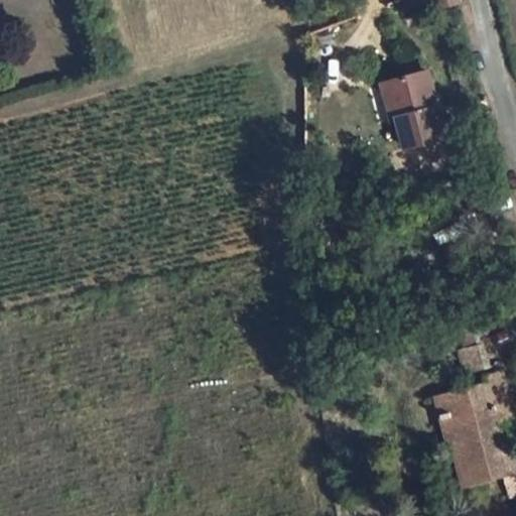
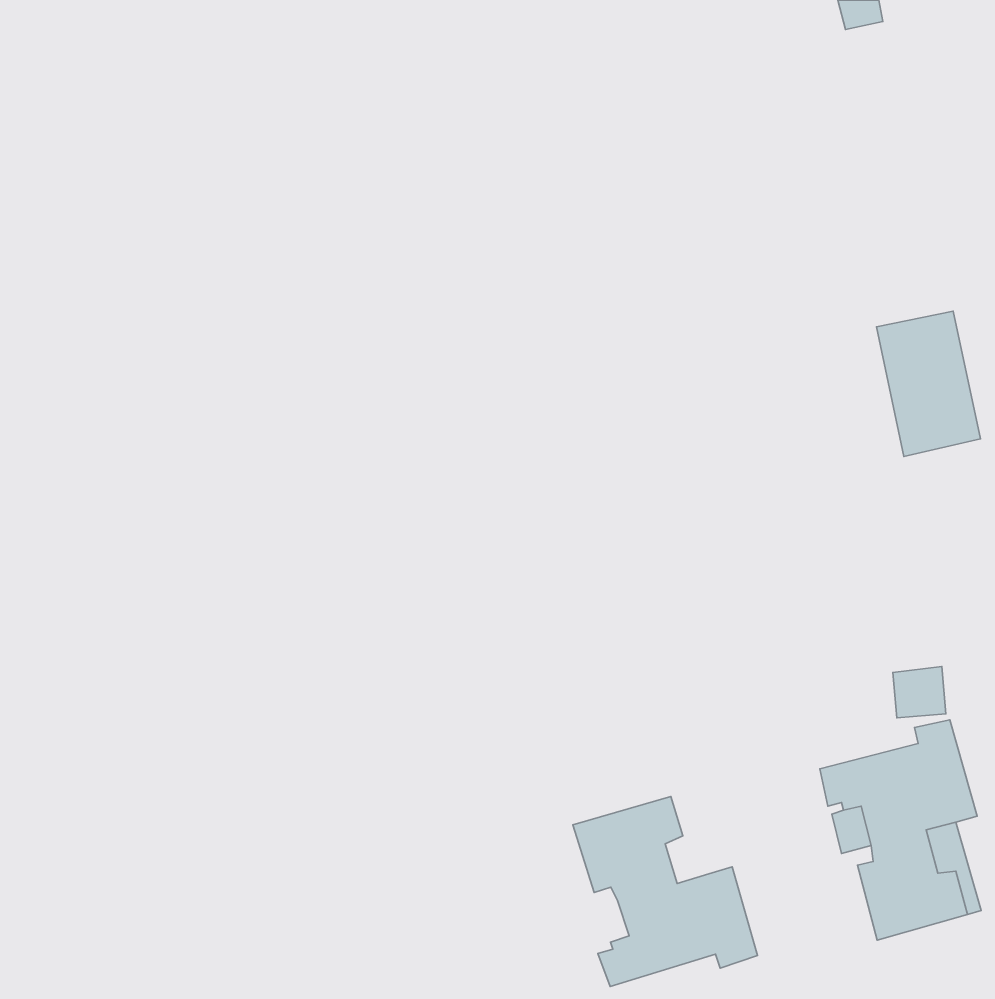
building: [388,84,441,158] -> [876,311,981,457]
building: none -> [573,796,757,986]

